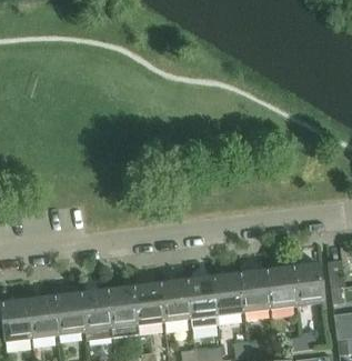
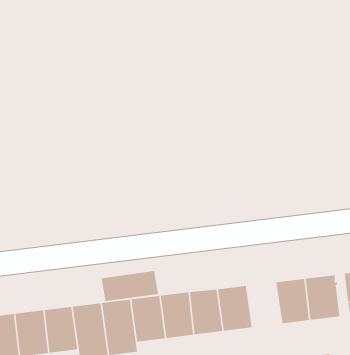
building: none -> [101,270,159,302]
building: [239,269,271,311] -> none

